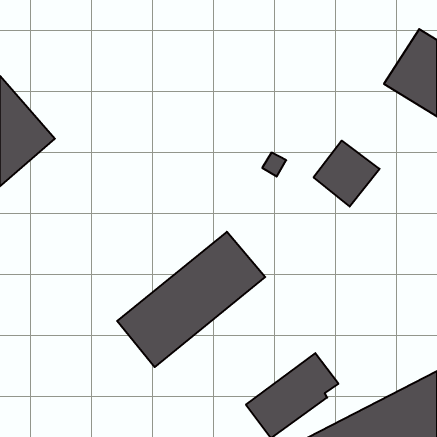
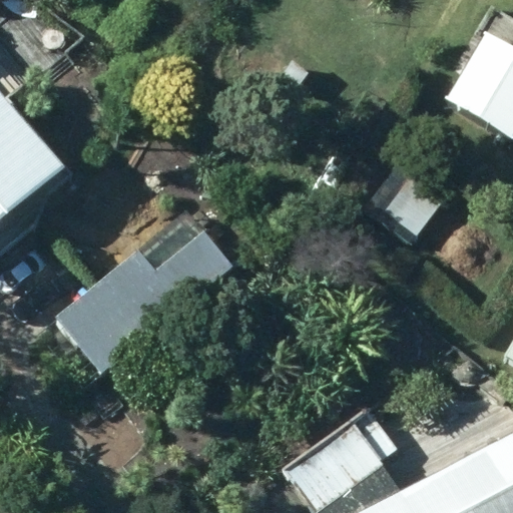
building: [117,232,265,367] -> [59,212,232,371]

